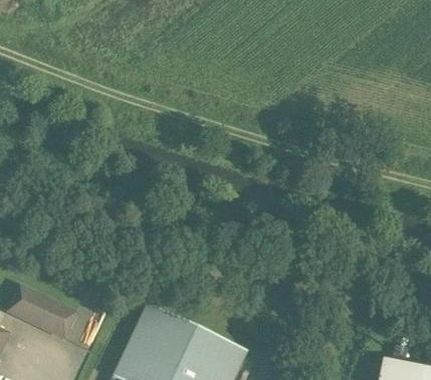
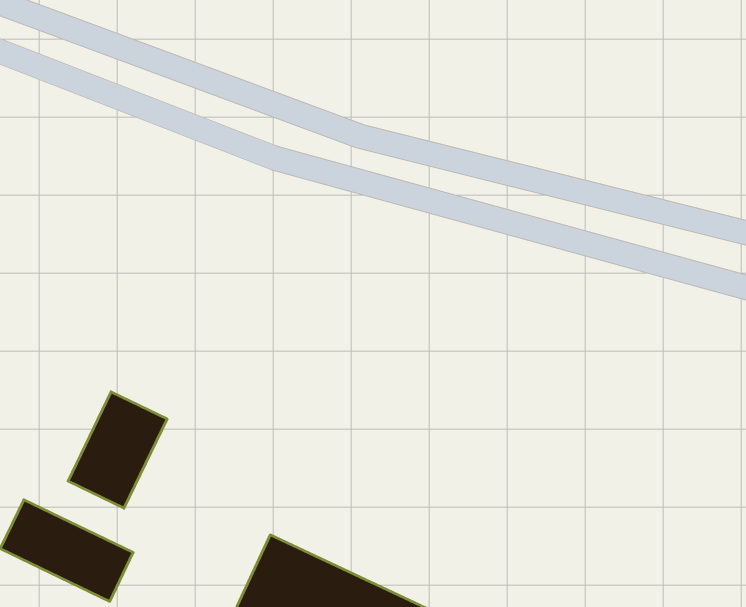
building: none -> [68,392,167,508]

